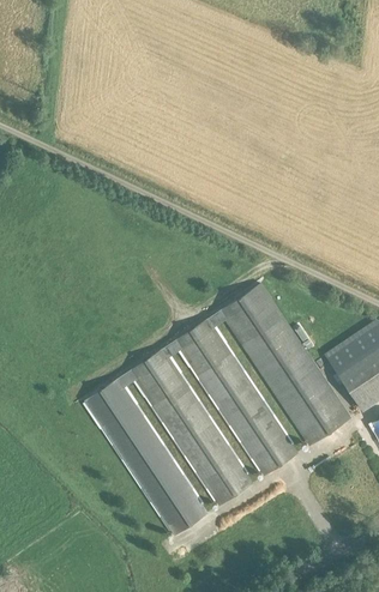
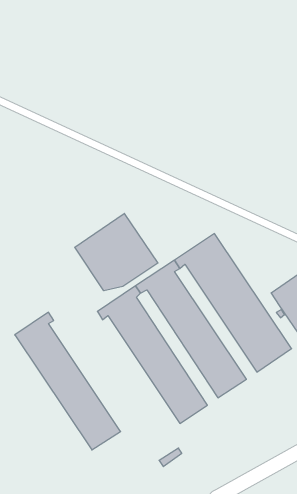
building: none -> [75,213,158,291]
building: [84,375,207,536] -> [15,312,121,450]

